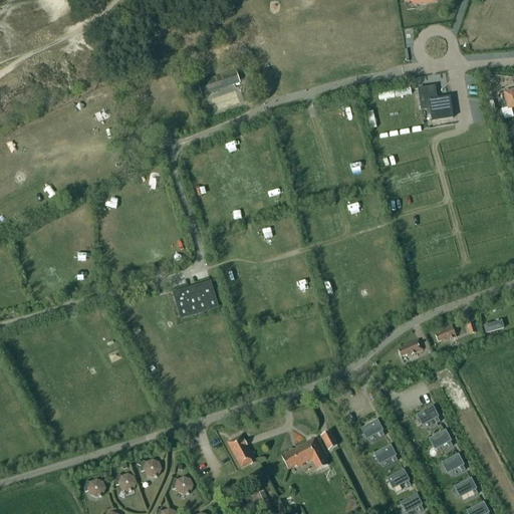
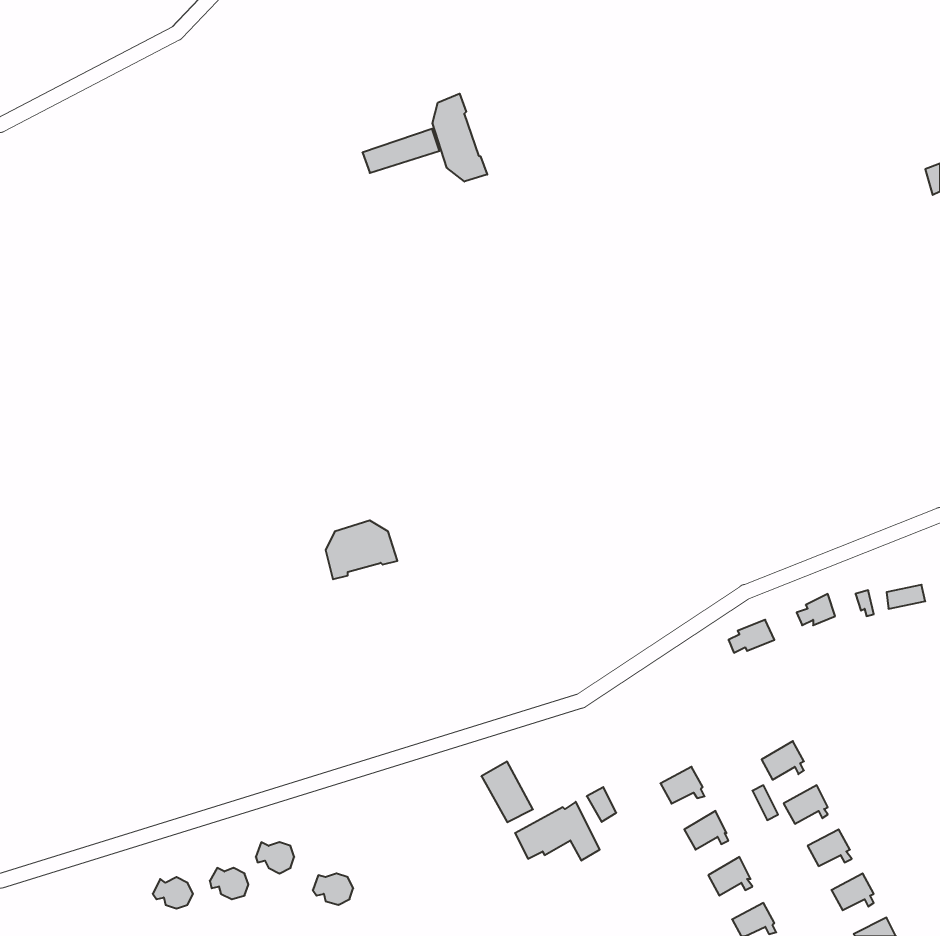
building: none -> [433,94,487,182]
building: [418,85,453,120] -> none
building: [227,434,255,467] -> [481,762,533,822]

